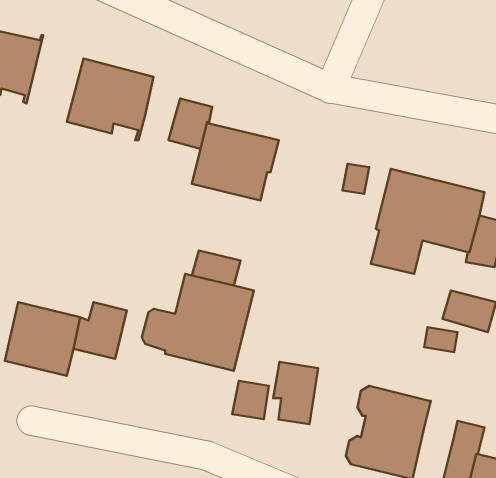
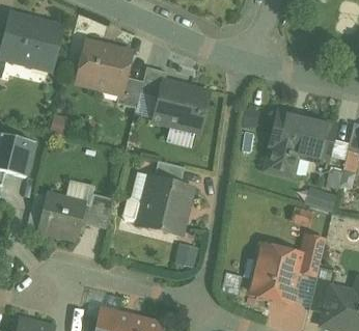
building: none -> [116,77,142,108]
building: [273,362,318,424] -> none
building: none -> [298,235,325,276]

